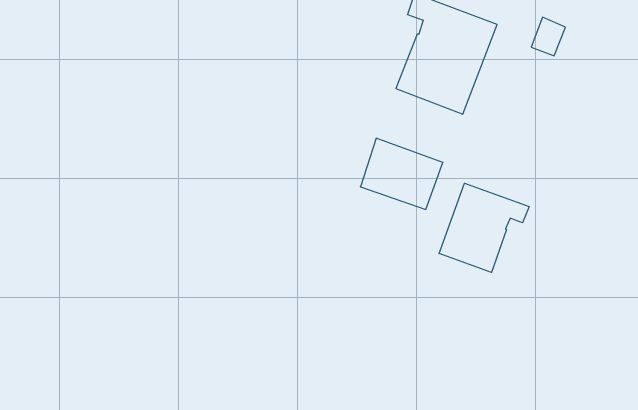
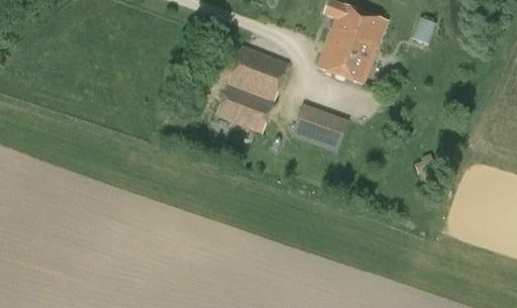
building: none -> [216,44,288,132]
building: [439,183,529,272] -> none

